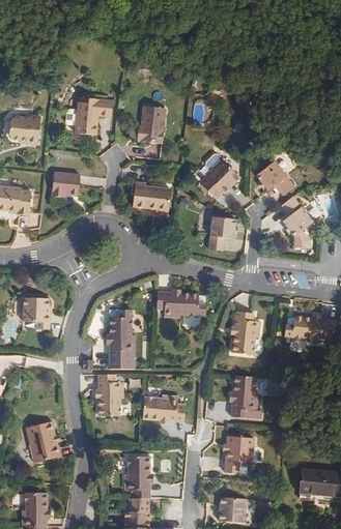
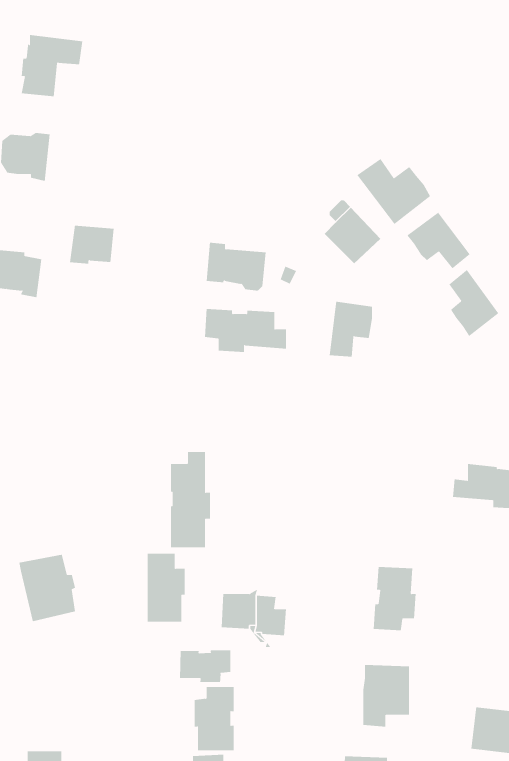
building: [75,96,113,135] -> [21,34,83,97]
building: [137,106,164,143] -> none
building: none -> [357,158,431,225]
building: [155,293,206,320] -> [204,309,287,353]
building: [21,296,50,329] -> none
building: [232,313,260,357] -> none
building: [23,421,58,463] -> [19,554,76,622]
building: none -> [180,649,231,683]

